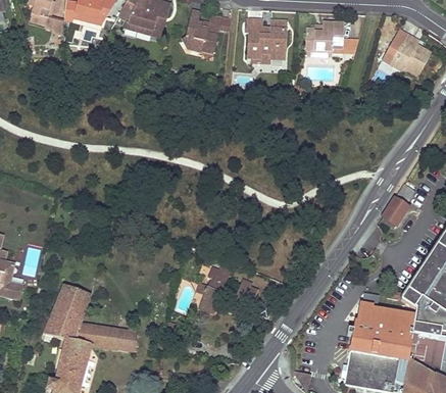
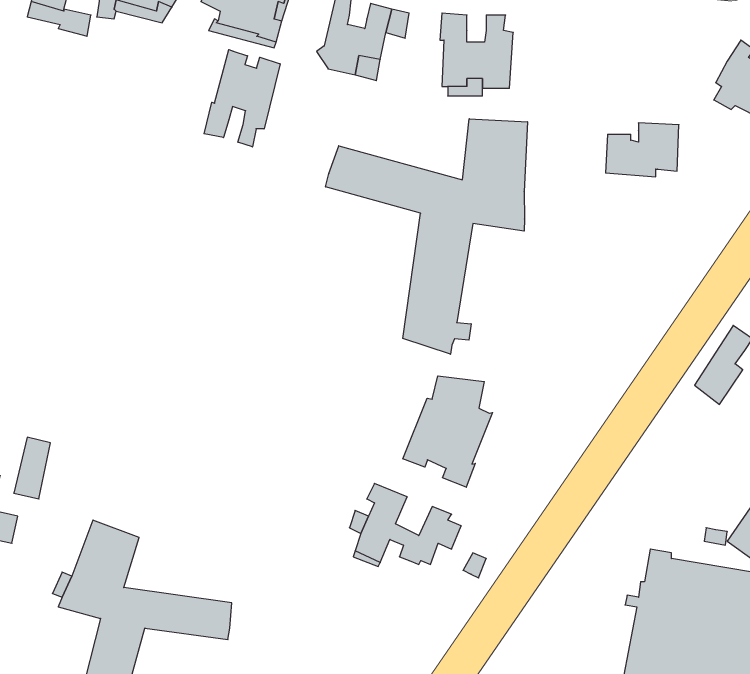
building: [305,21,344,50] -> [606,123,679,177]
building: none -> [204,50,280,147]
building: none -> [326,119,527,354]
building: none -> [403,376,493,487]

